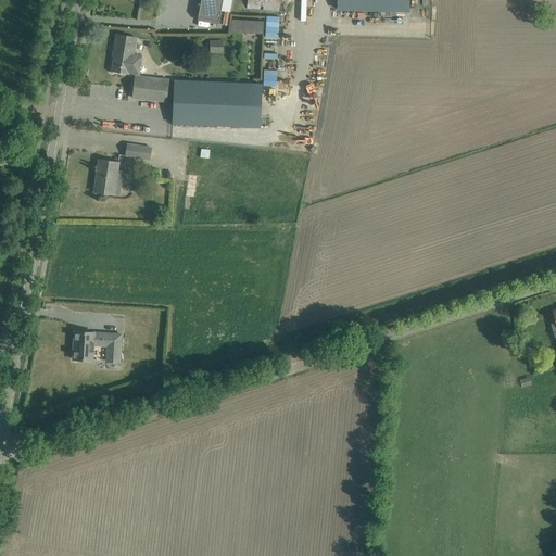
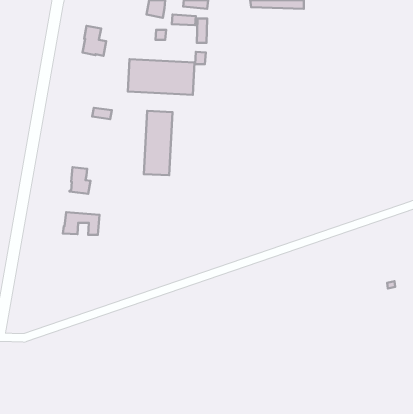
building: [131,76,167,101] -> none
building: none -> [144,111,172,175]
building: [93,160,122,195] -> [69,167,90,194]
building: [72,331,121,362] -> [63,212,99,235]

